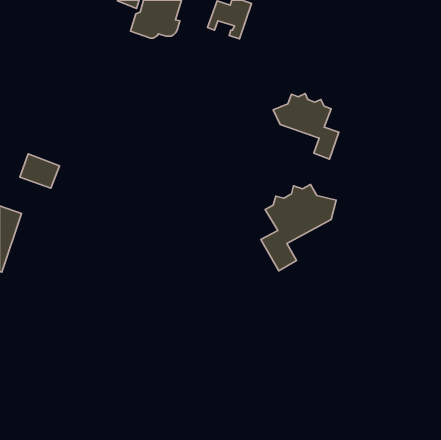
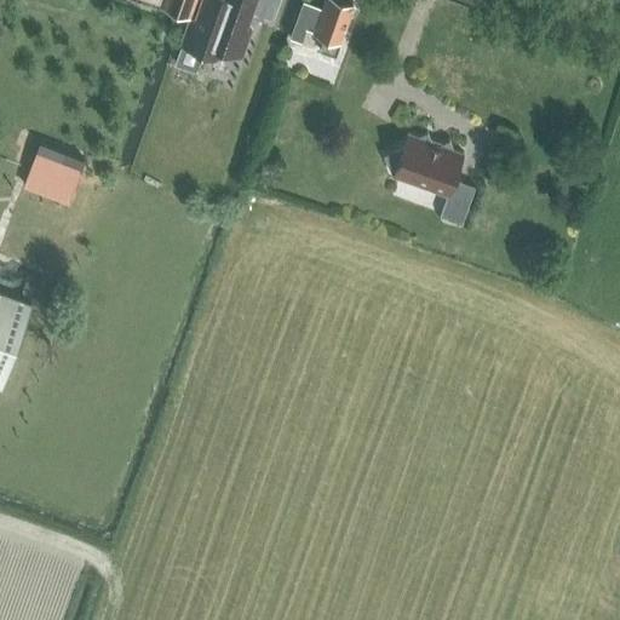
building: [20,154,59,188] -> [24,155,80,203]
building: [261,184,336,271] -> none

